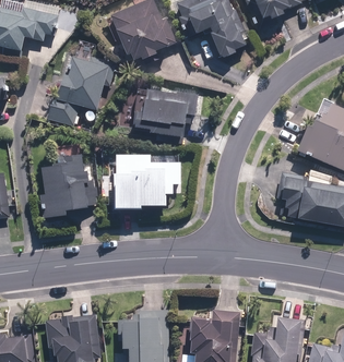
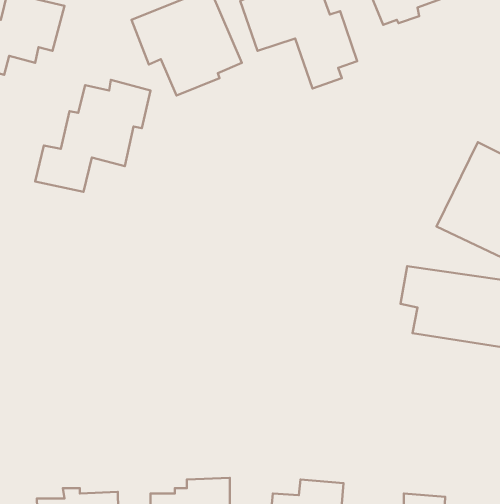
building: [133,87,200,138] -> none
building: [39,155,93,220] -> none
building: [112,155,181,212] -> none

